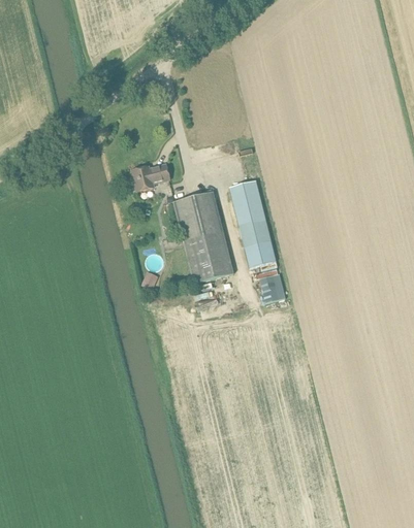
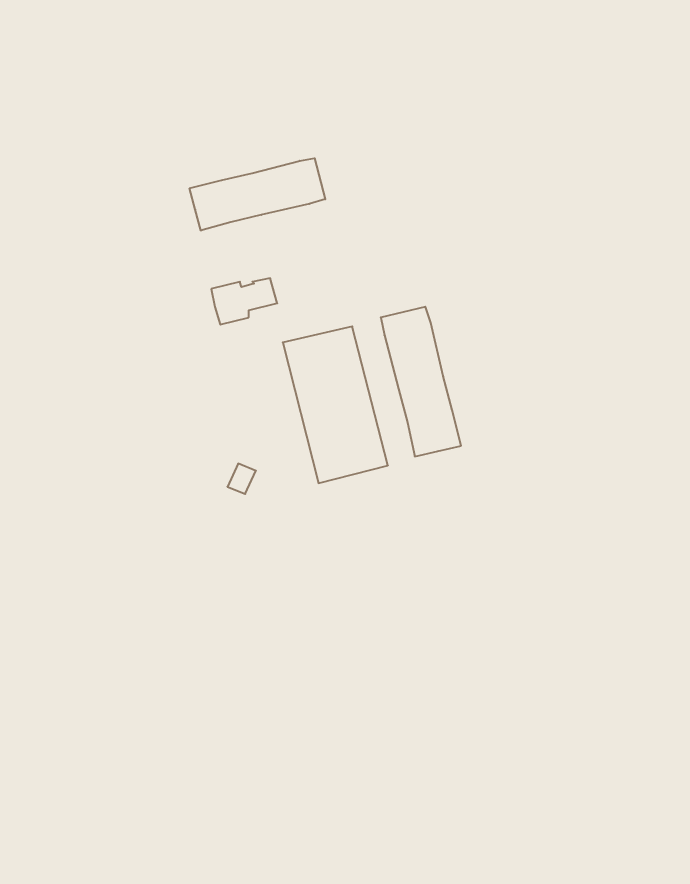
building: none -> [190,158,325,231]
building: [259,272,284,301] -> none

